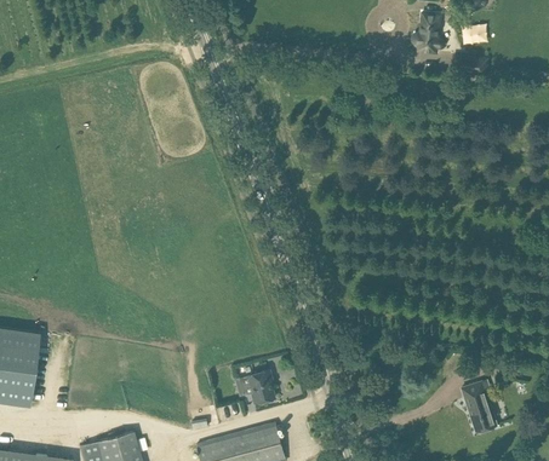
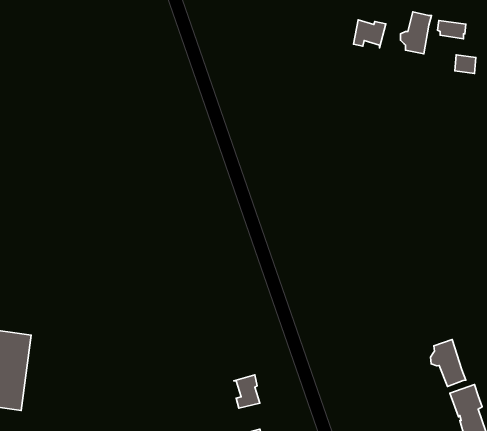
building: none -> [353,20,386,48]
building: none -> [430,340,466,387]

